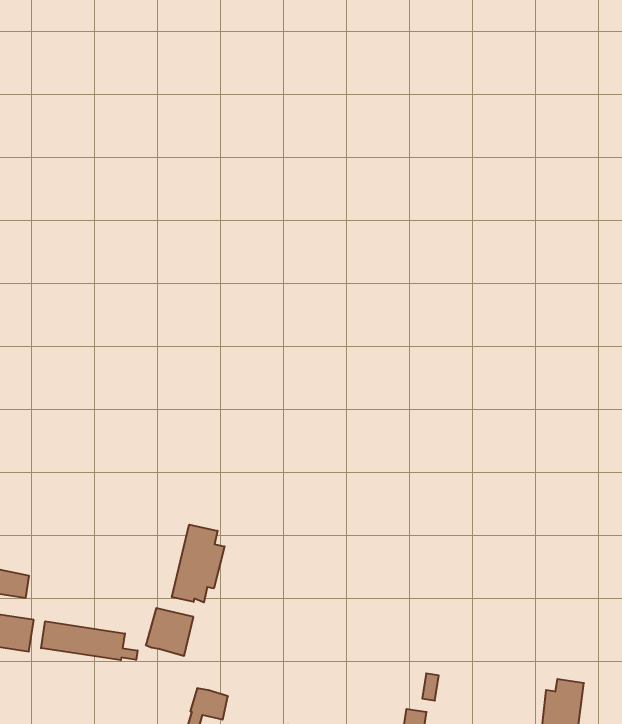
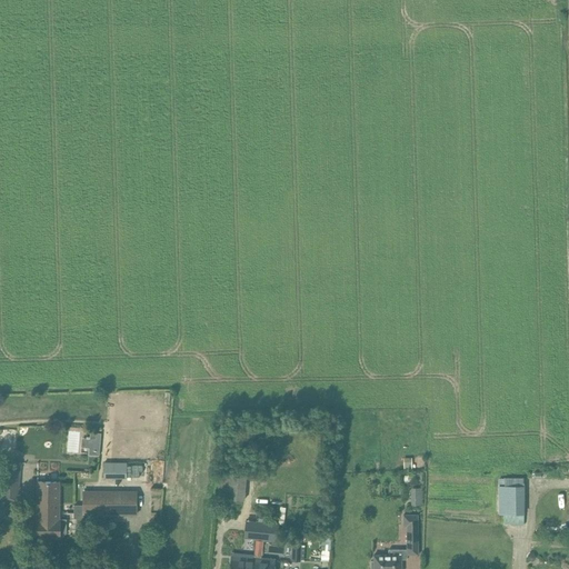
building: [172,525,225,602] -> none
building: [41,621,138,660] -> none

